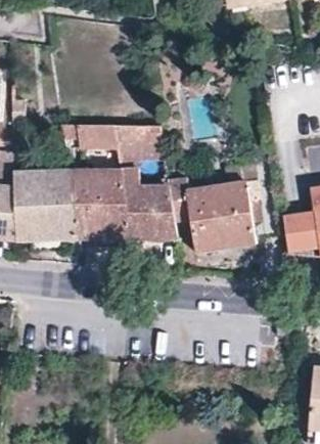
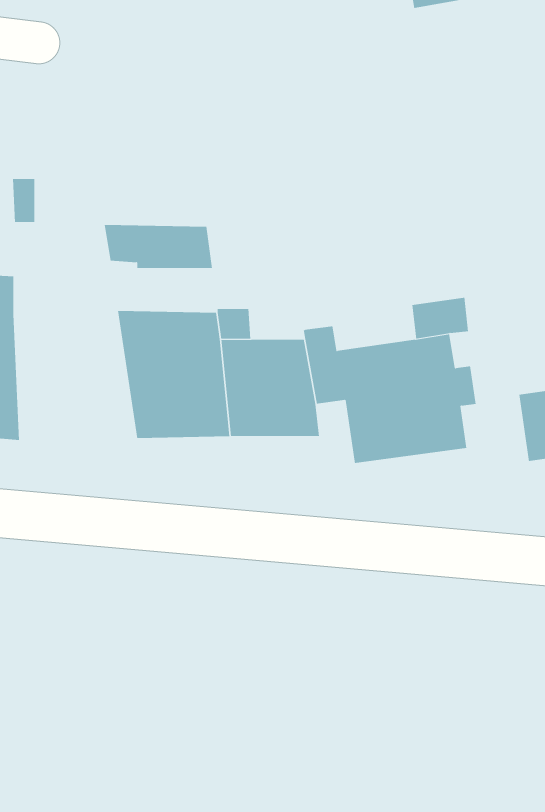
building: [117,125,168,166] -> none
building: [13,170,79,239] -> none

